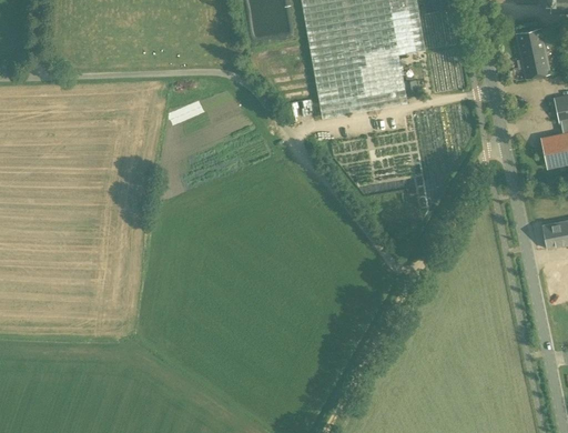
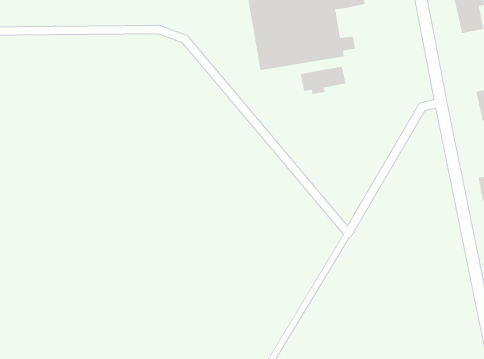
building: none -> [300,66,346,95]

